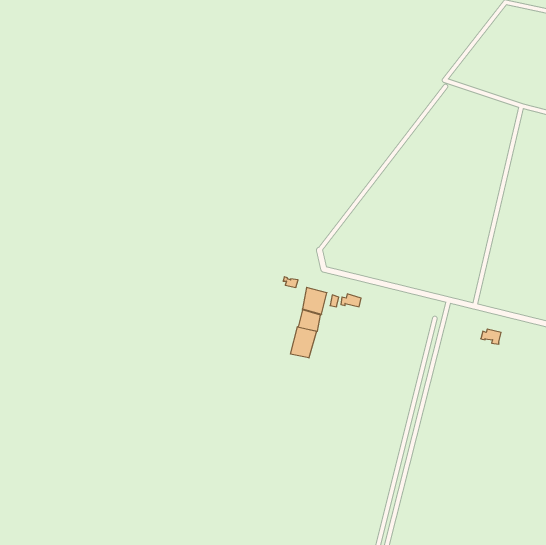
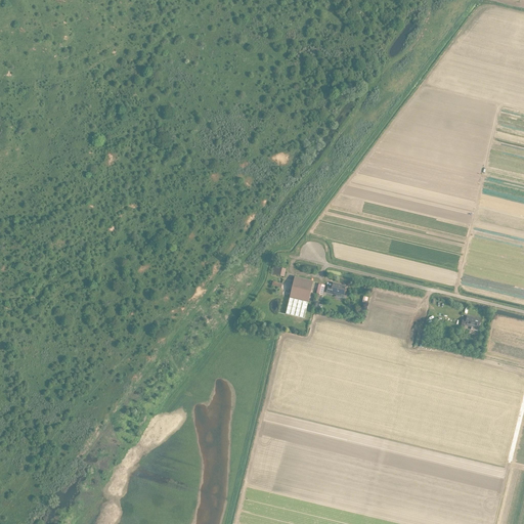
building: [291,327,317,358] -> none

